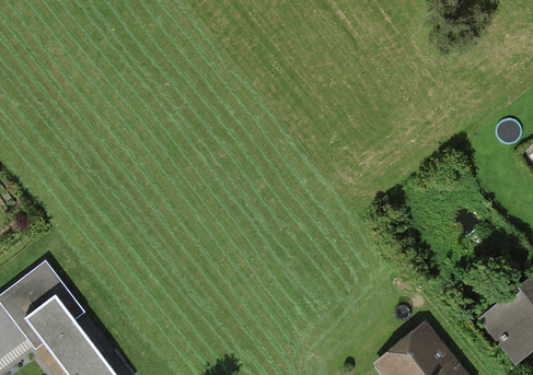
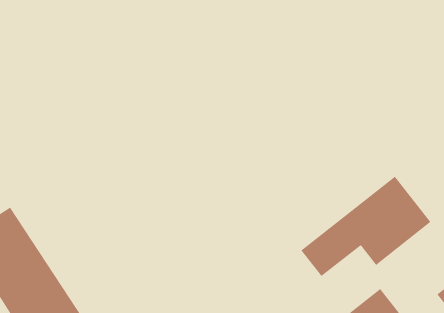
building: none -> [300,176,431,277]

